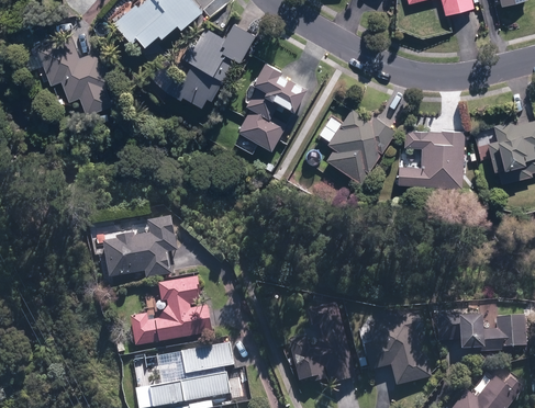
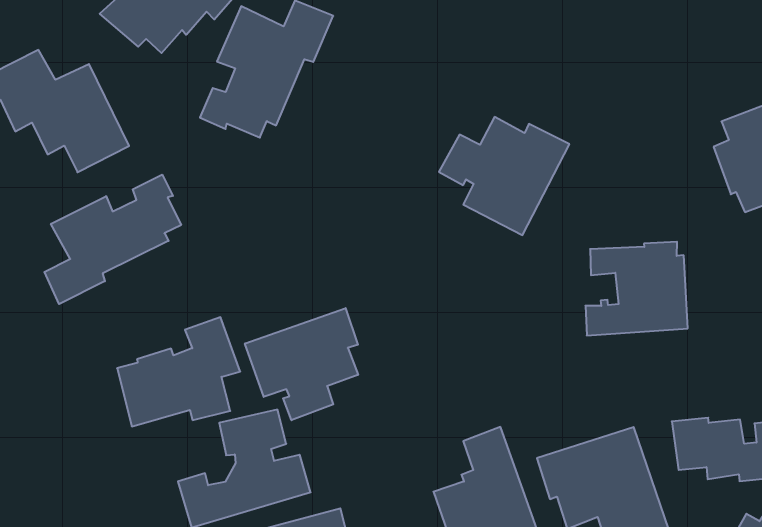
building: [232,61,306,152] -> none
building: none -> [44,175,181,304]
building: [398,131,464,186] -> [585,242,688,335]
building: none -> [245,308,358,420]

